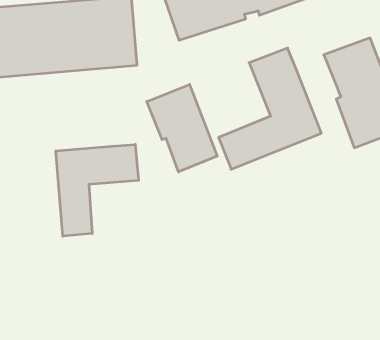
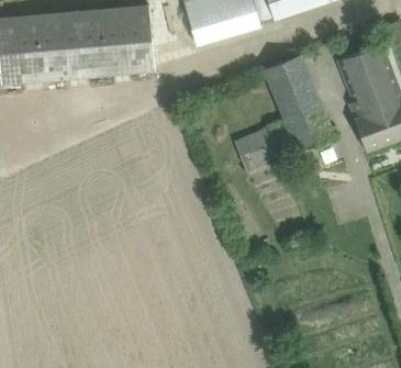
building: [147,84,217,172] -> none
building: [56,144,139,236] -> none

